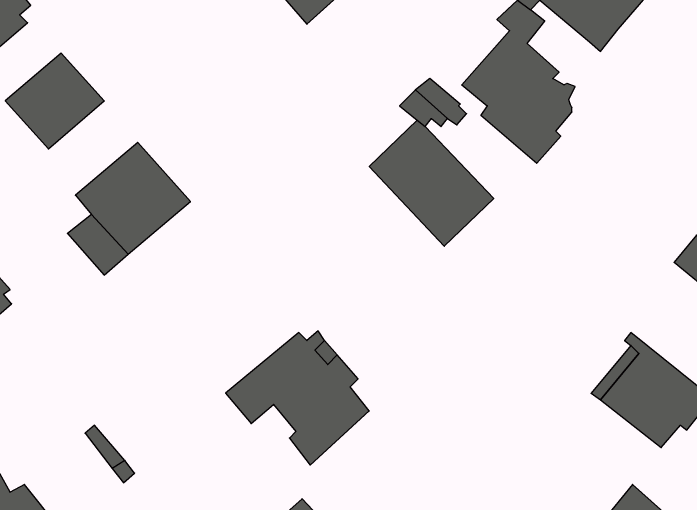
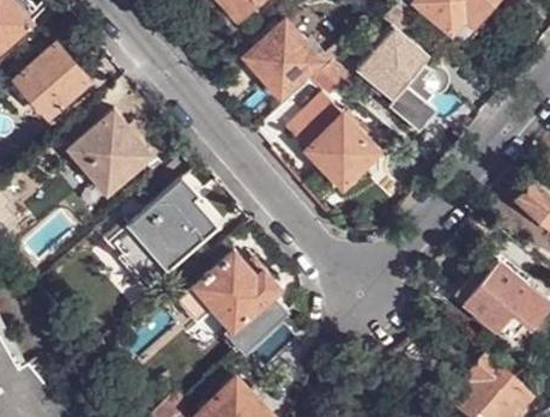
building: none -> [247,22,324,97]
building: none -> [115,175,216,286]

